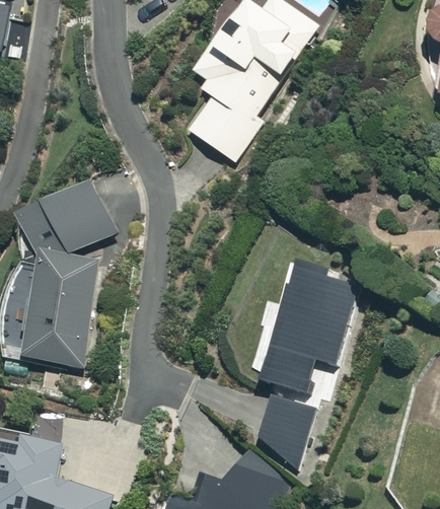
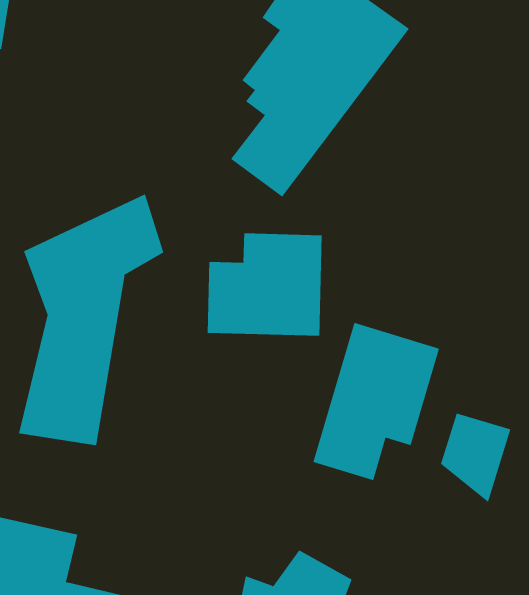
building: none -> [207,233,322,337]
building: [256,397,314,470] -> [440,413,511,503]

